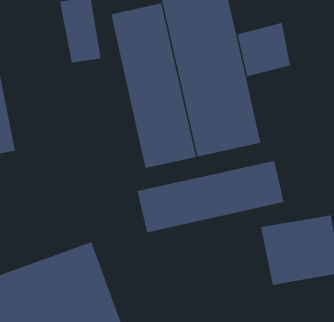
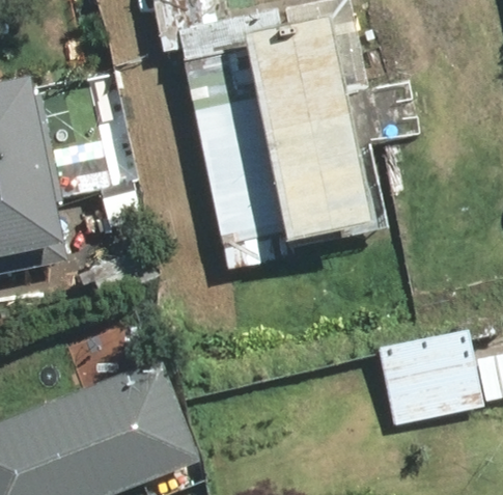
building: [137,160,284,233] -> none

